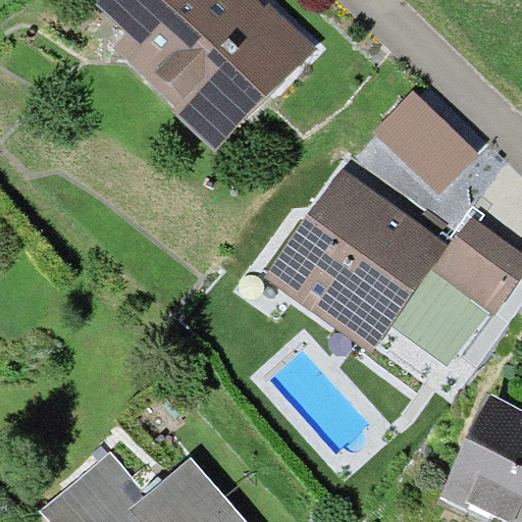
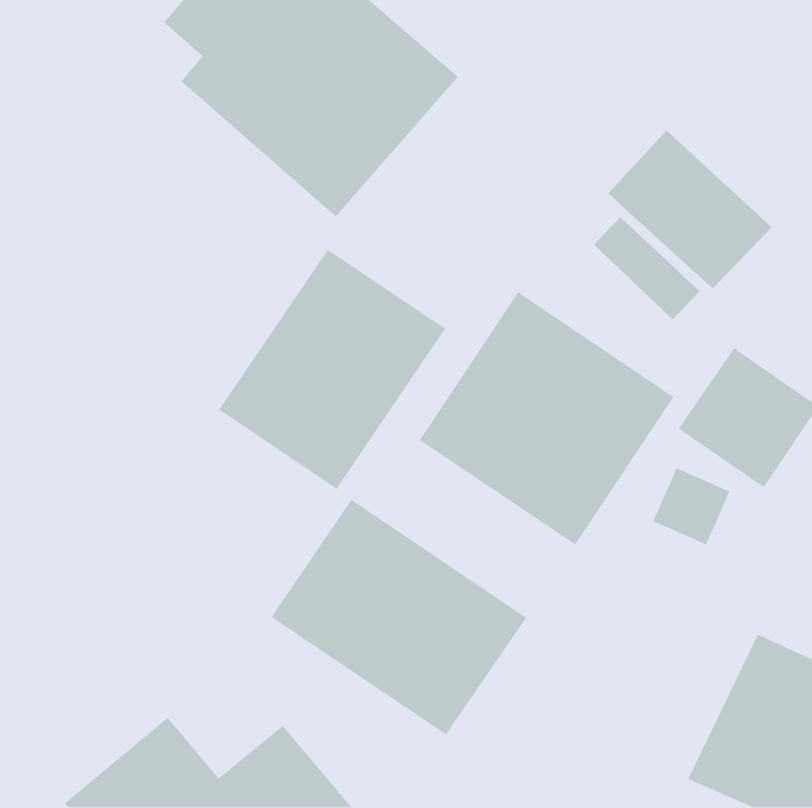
building: none -> [218,249,446,490]
building: none -> [270,499,527,736]

